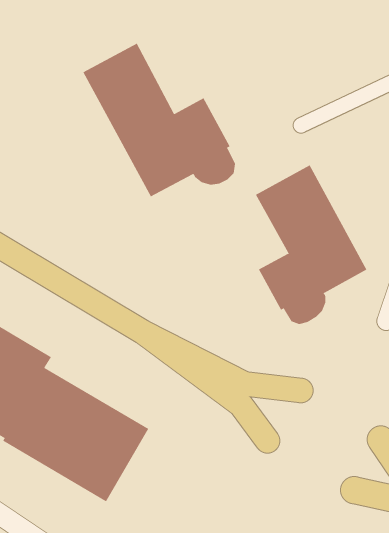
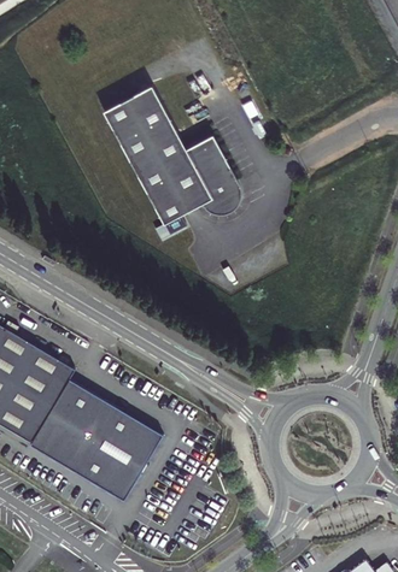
building: [255,165,367,325] -> none

